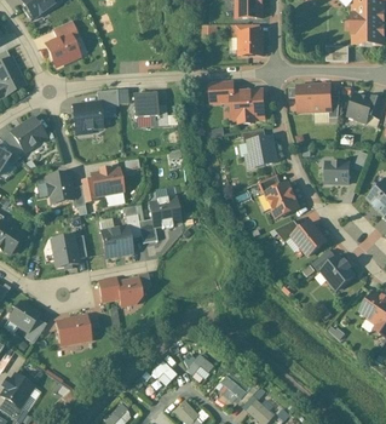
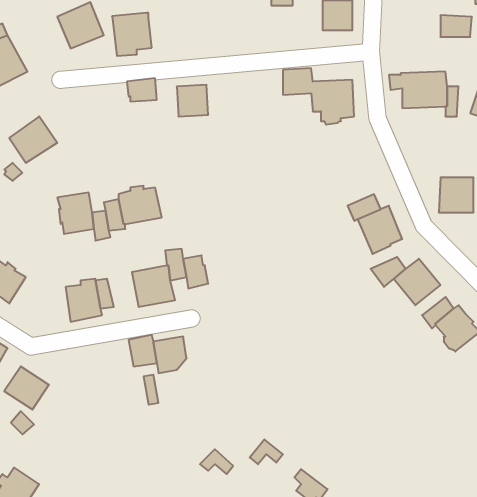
building: [73,103,102,134] -> [112,13,152,56]
building: [246,138,275,167] -> none
building: [149,197,179,228] -> none
building: [56,315,91,344] -> none

